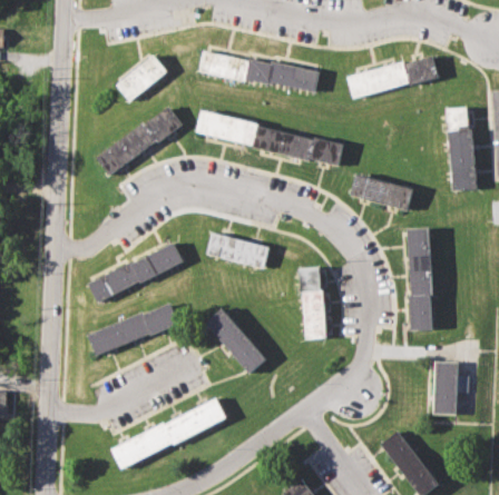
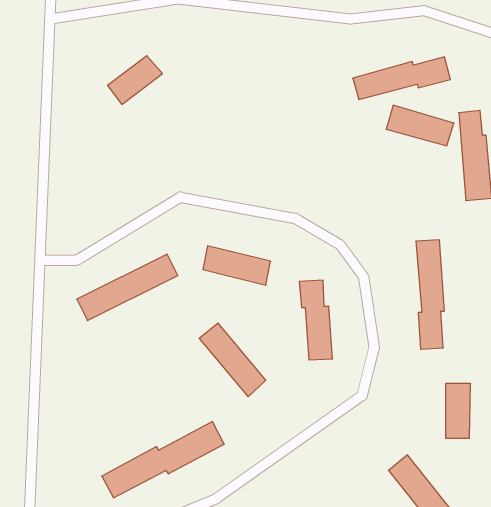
building: [199,51,320,92] -> none
building: [98,107,185,175] -> none
building: [197,109,344,166] -> none
building: [349,172,412,210] -> [386,105,454,146]
building: [88,301,179,357] -> none

